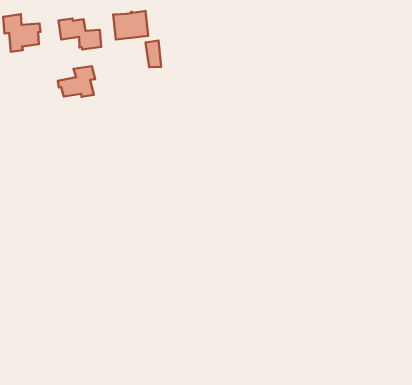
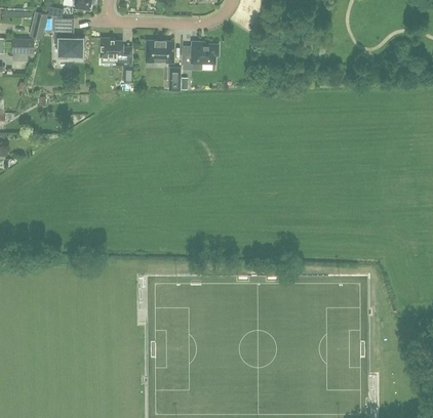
building: none -> [183,40,219,68]
building: [58,66,95,97] -> none

